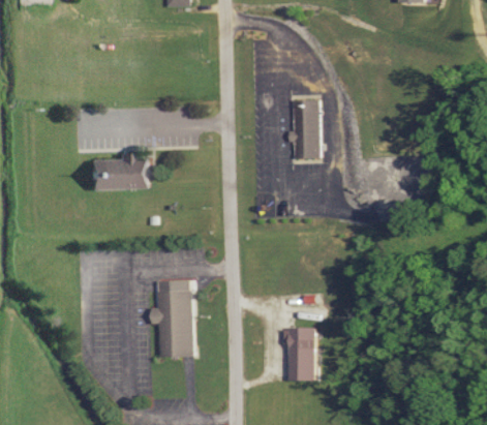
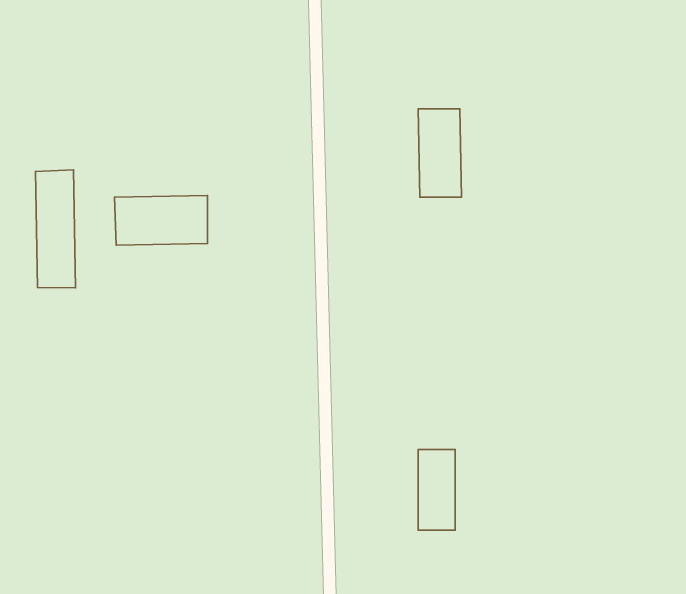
building: none -> [35,170,75,288]
building: [154,280,192,357] -> none

